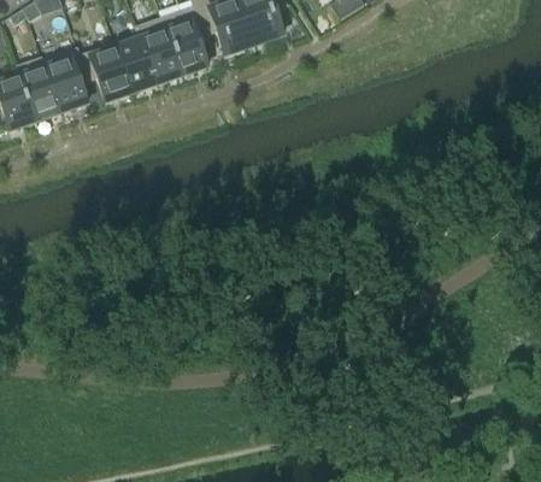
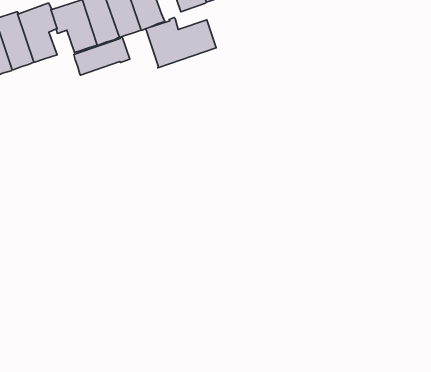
building: none -> [145,17,216,68]
building: none -> [74,37,130,75]

